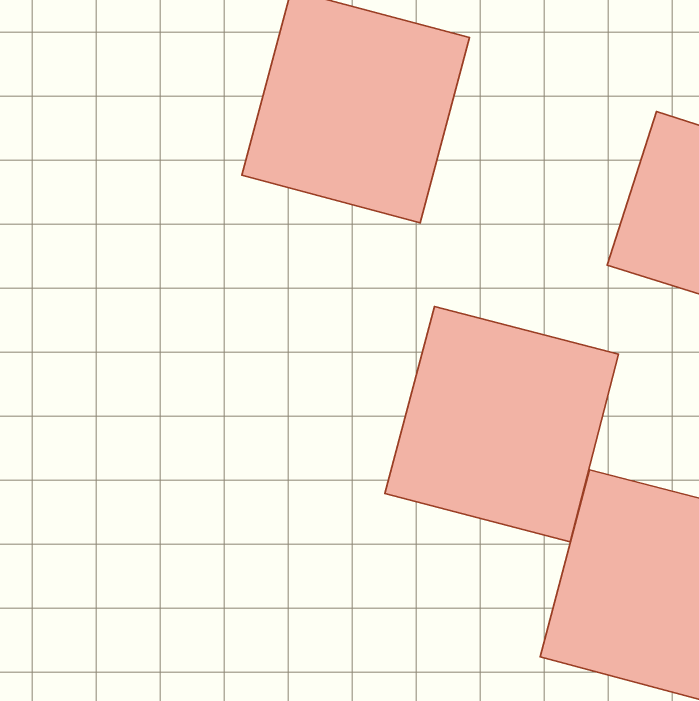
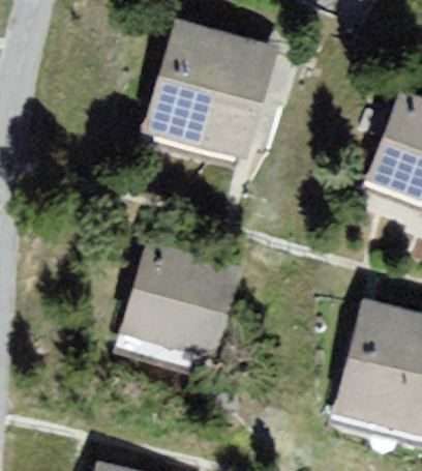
building: [385,306,618,542] -> none
building: none -> [116,243,241,359]

